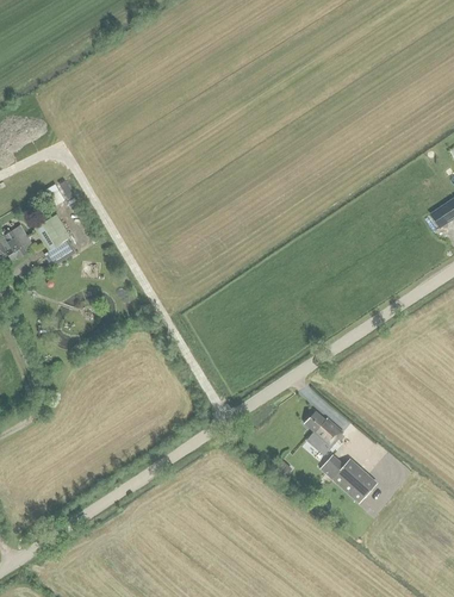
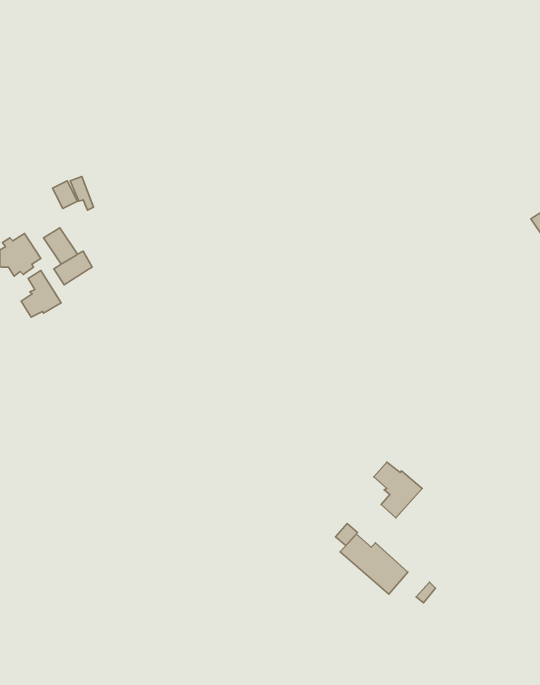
building: none -> [21,270,61,317]
building: [319,453,374,502] -> [340,534,408,594]

